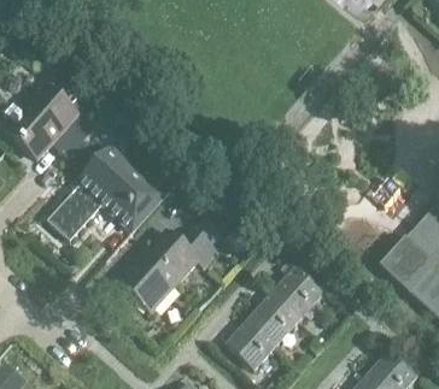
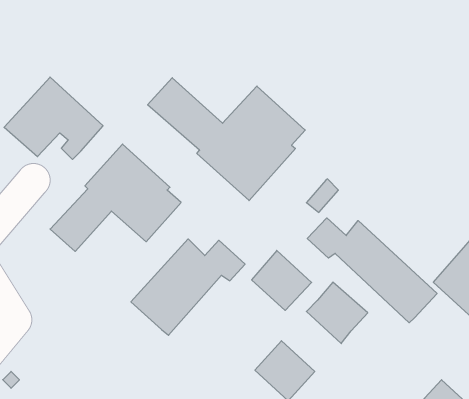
building: none -> [148,78,305,201]
building: none -> [307,218,437,323]
building: [247,293,299,344] -> [252,250,312,310]

